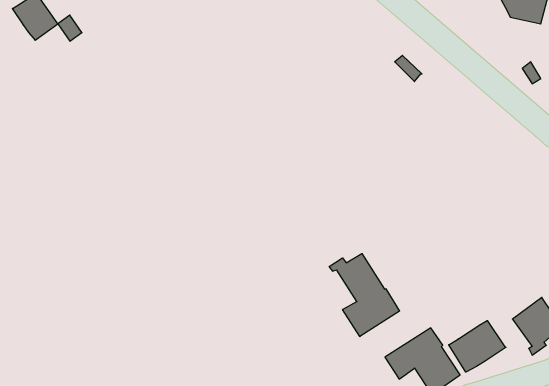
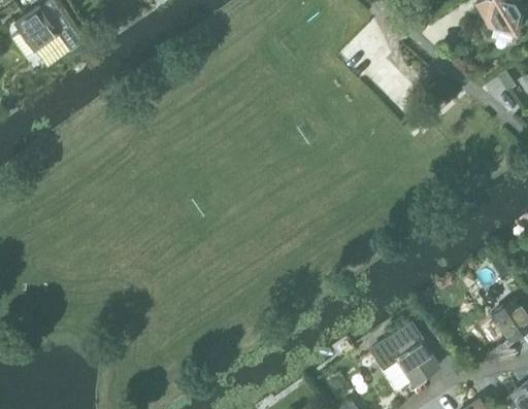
building: [329,254,400,337] -> none
building: [449,321,506,372] -> none

